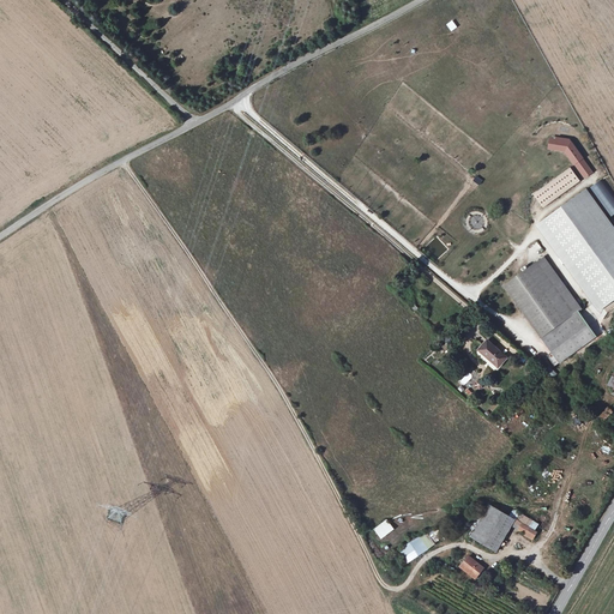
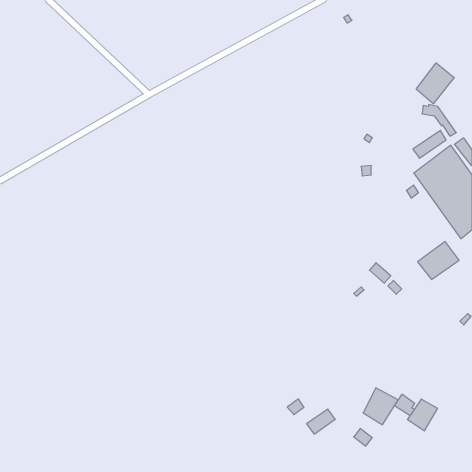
building: none -> [416,63,454,104]
building: [504,258,582,339] -> none
building: none -> [407,399,437,431]

